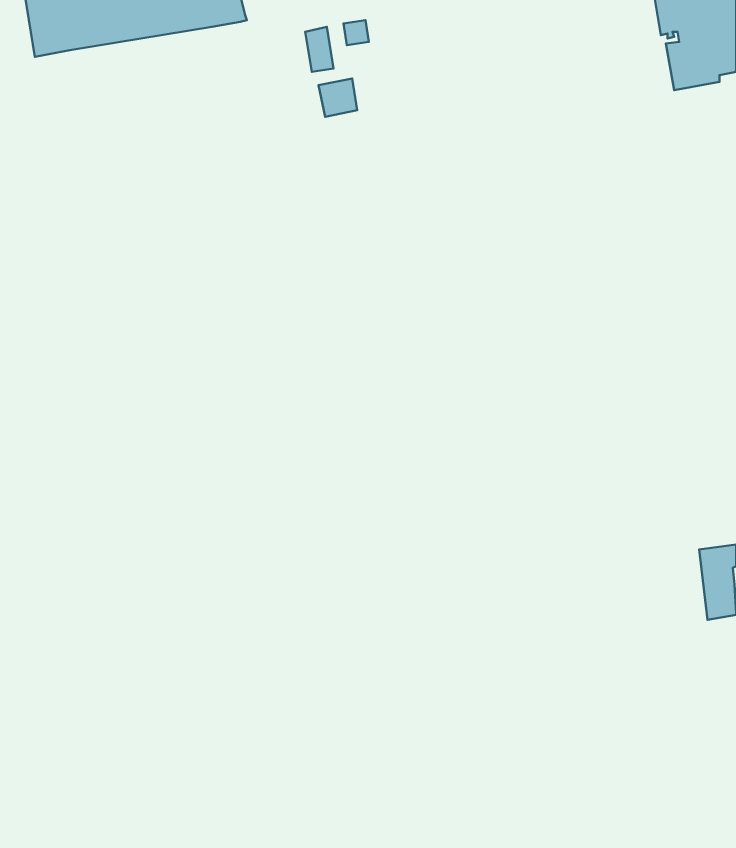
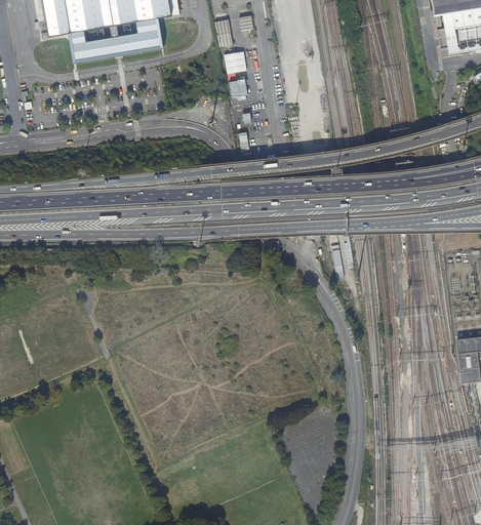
building: none -> [71,17,162,62]

